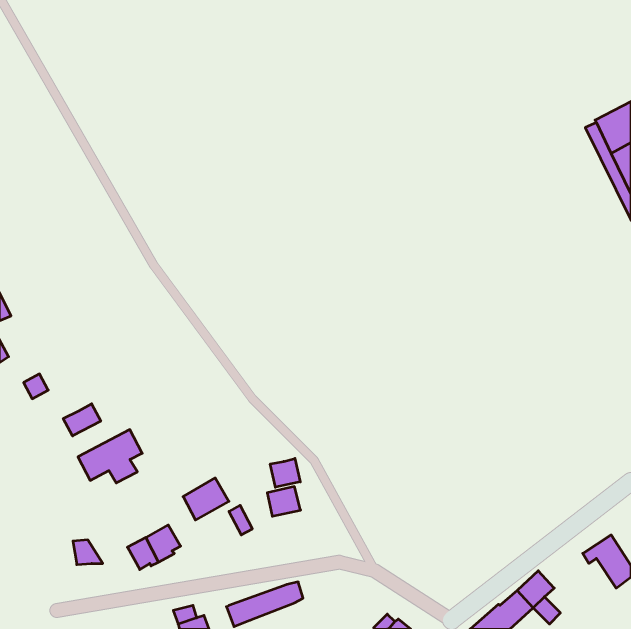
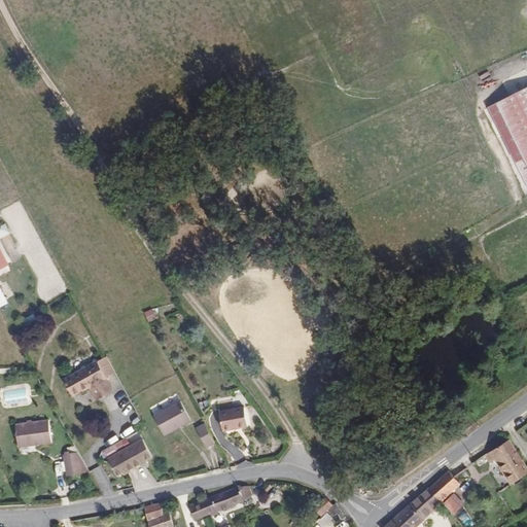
building: [63,404,101,436] -> none
building: [270,458,300,487] -> none
building: none -> [12,417,47,444]

